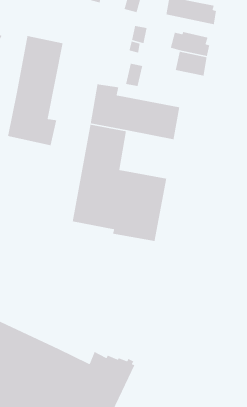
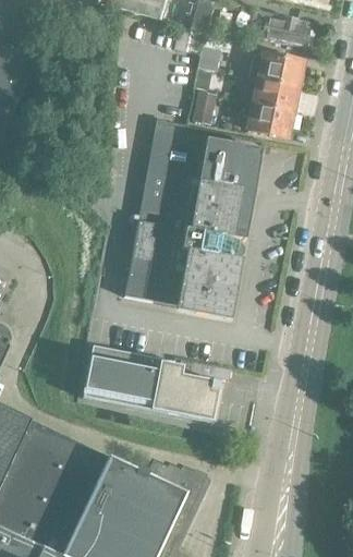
building: [7,35,63,146] -> none
building: none -> [247,102,291,134]
building: none -> [184,179,253,239]
building: none -> [82,346,217,421]

